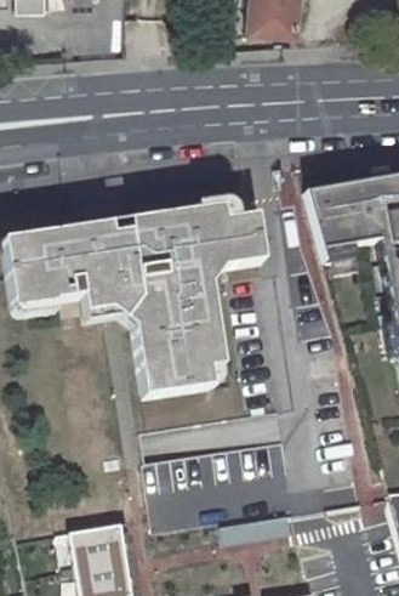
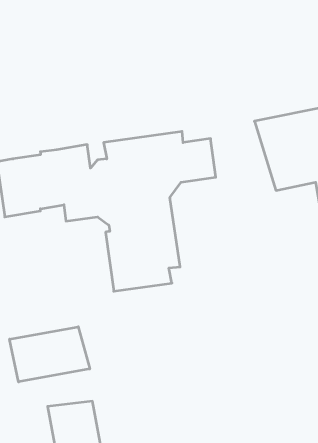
building: none -> [10,327,90,382]

